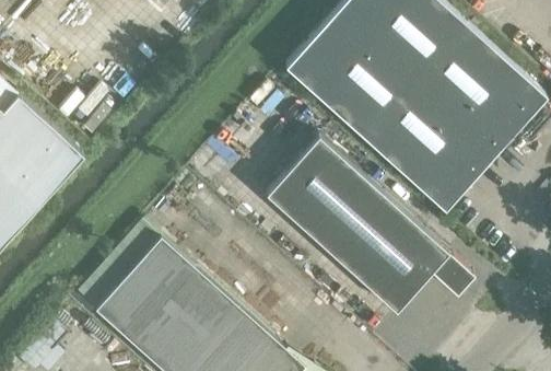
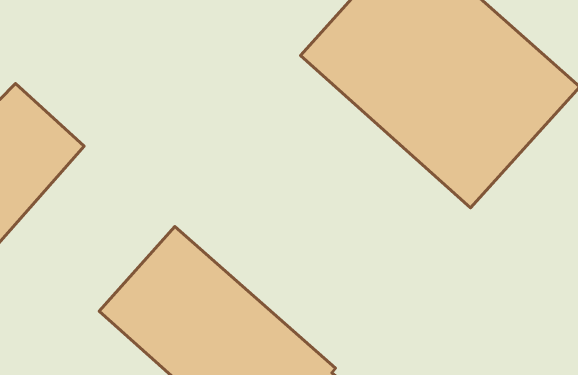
building: [266,137,476,312] -> none

